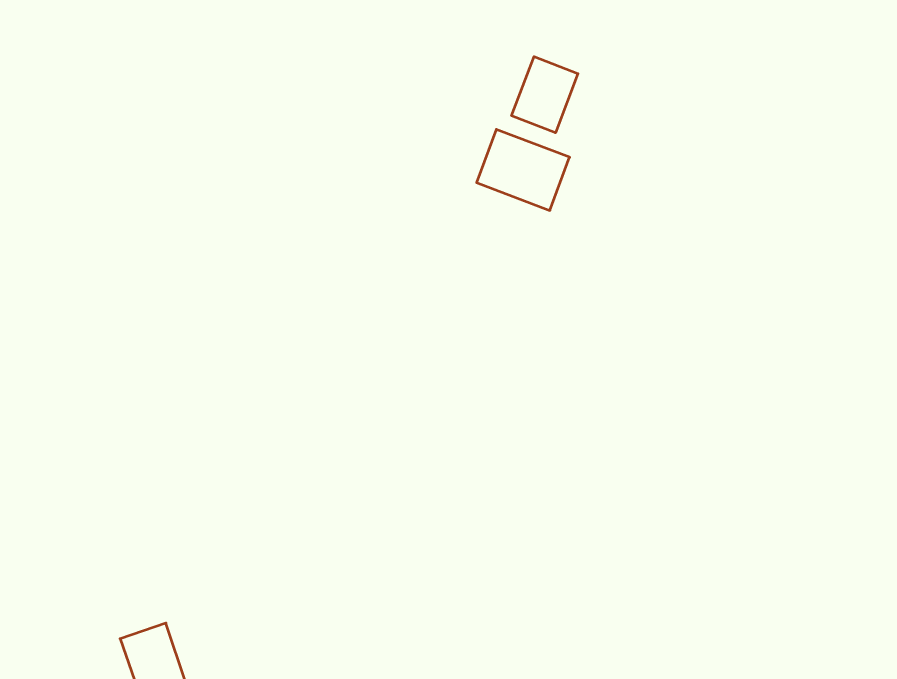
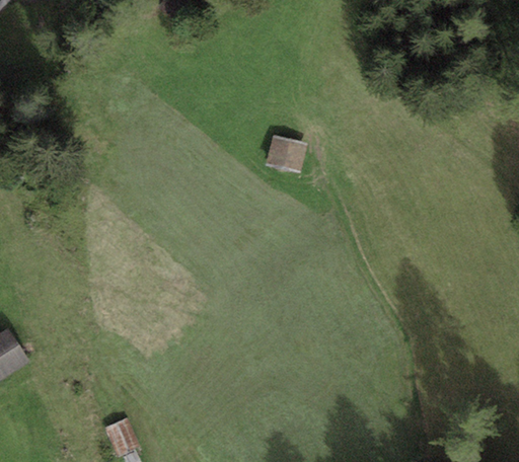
building: [512,57,578,133] -> none

